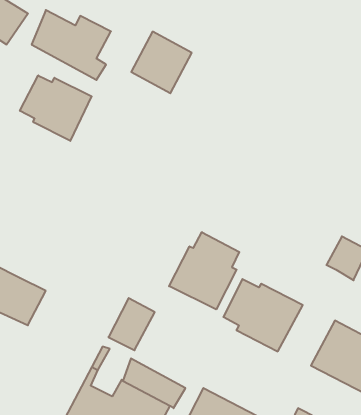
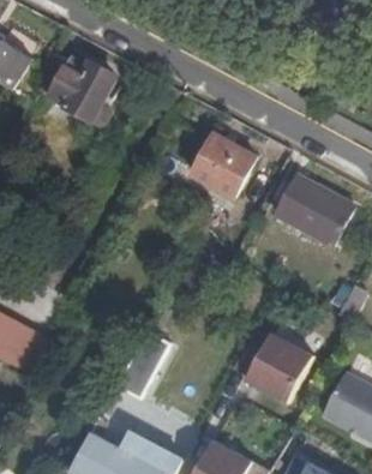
building: [131,32,192,93] -> [191,134,252,197]
building: [20,75,92,141] -> none
building: none -> [274,176,350,242]
building: [169,232,239,309] -> none

